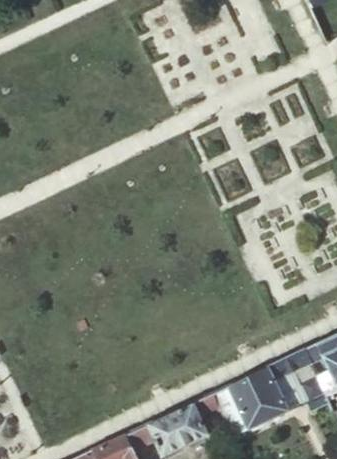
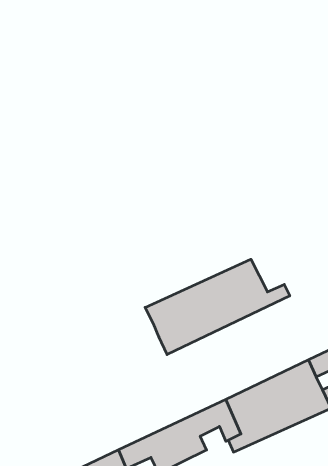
building: none -> [145,259,290,355]

